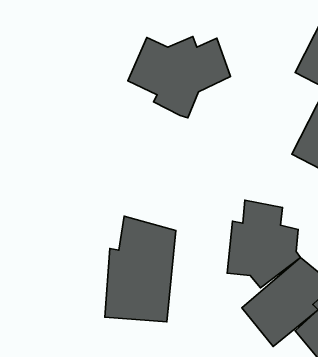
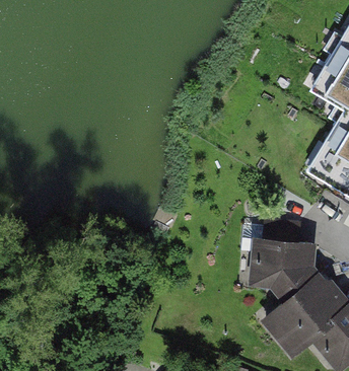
building: [128,36,230,118] -> none
building: [105,216,176,322] -> none

